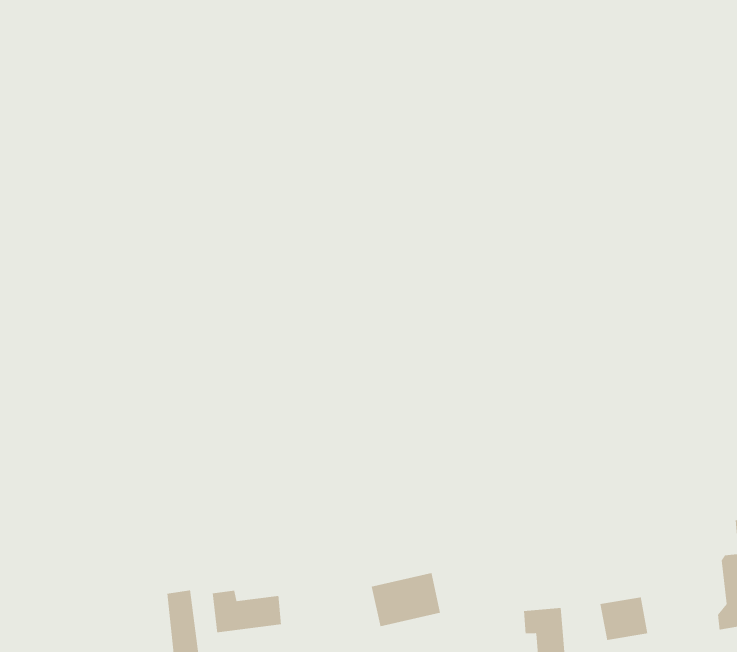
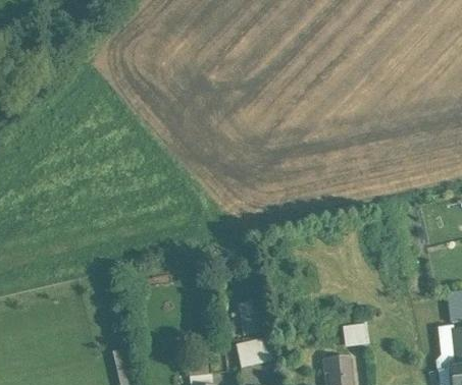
building: [212,590,281,633] -> none
building: [599,597,648,641] -> [342,319,370,344]

